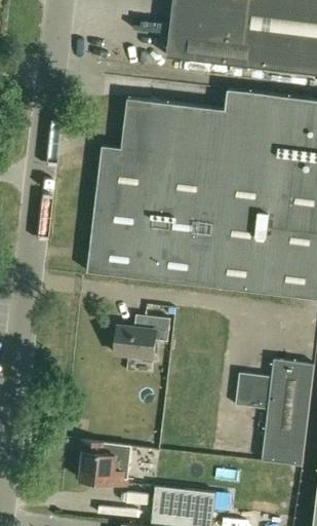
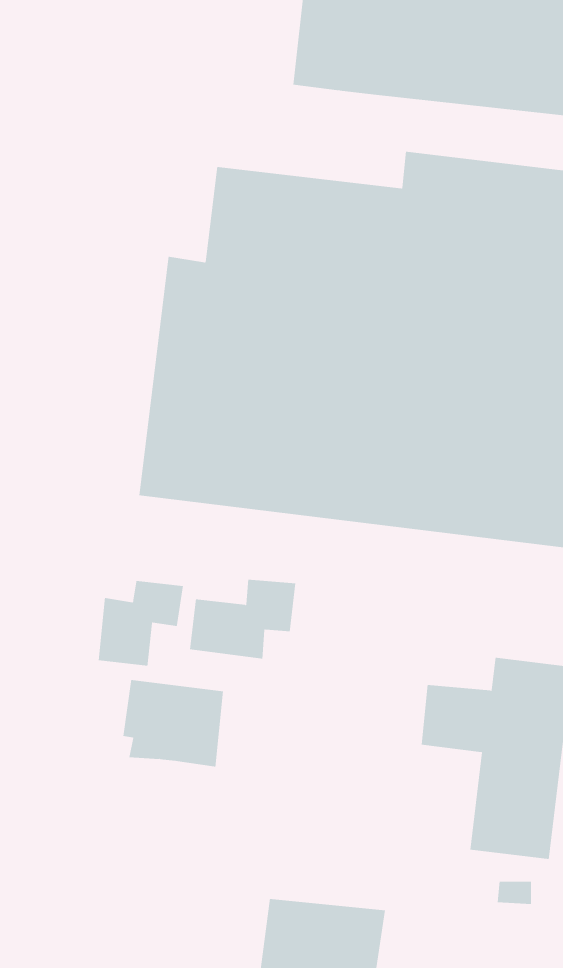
building: none -> [98,580,184,666]
building: [76,439,129,485] -> [123,680,224,767]

